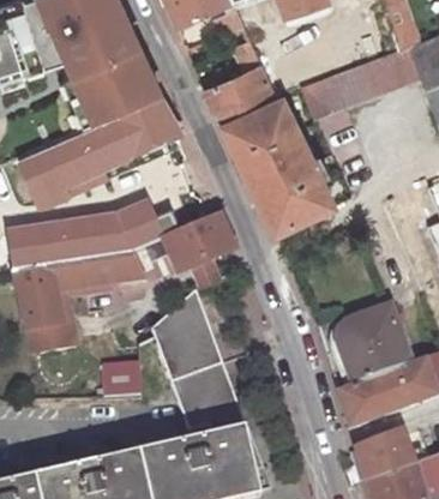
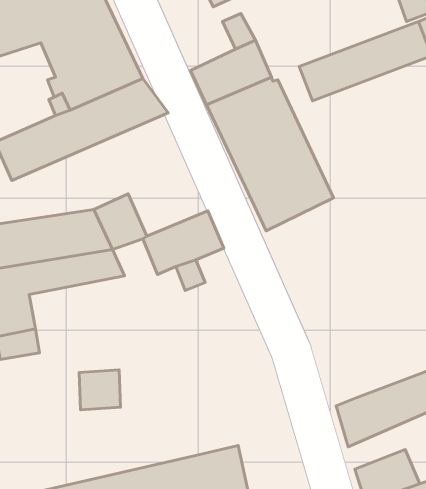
building: [155,291,247,438] -> none
building: [338,309,411,386] -> none

